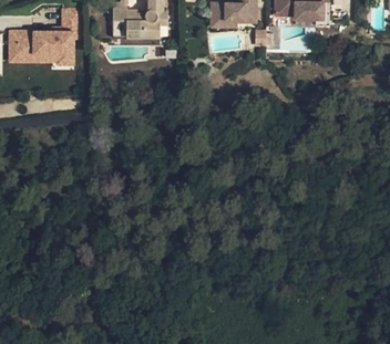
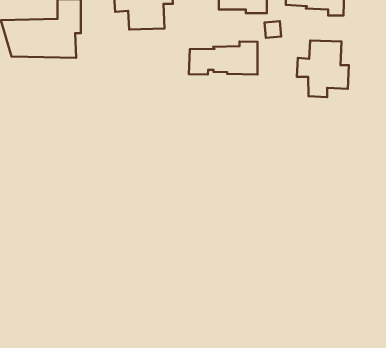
building: none -> [297,41,349,97]
building: none -> [189,41,257,75]

